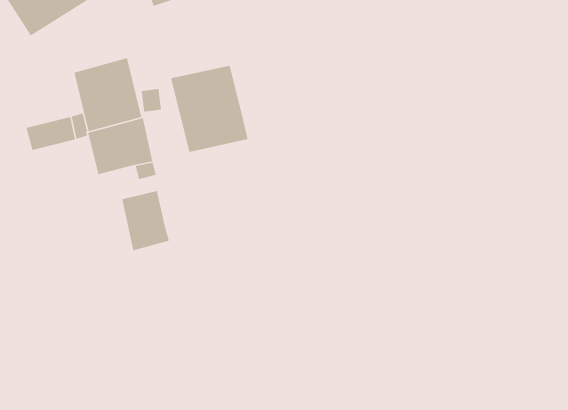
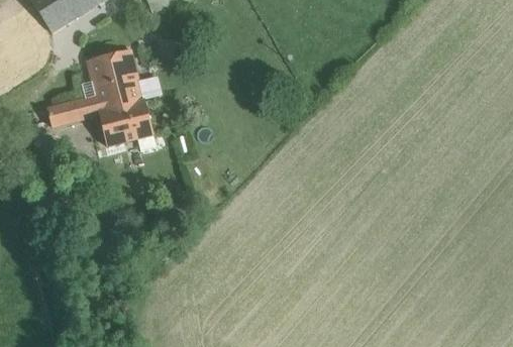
building: [170,65,249,153] -> none
building: [121,190,170,251] -> none

